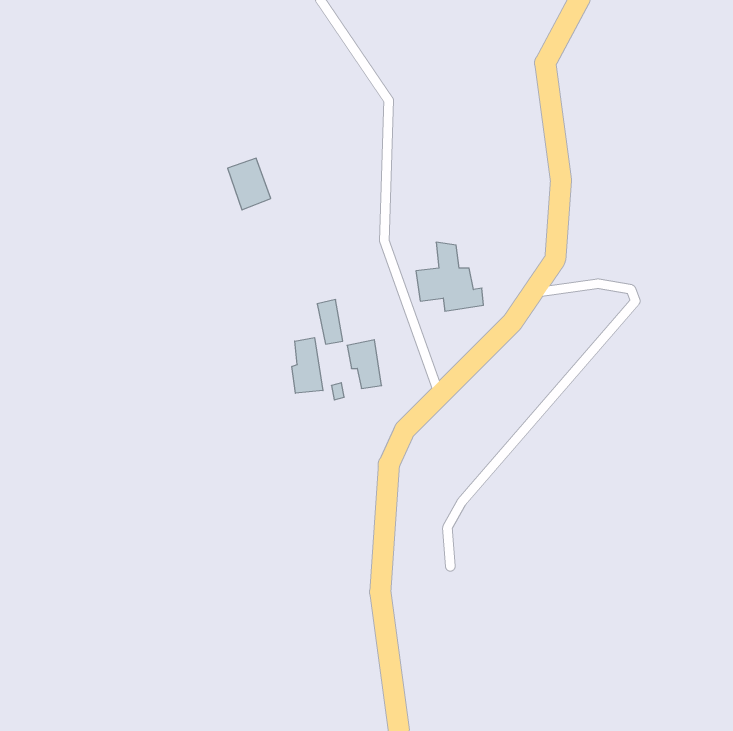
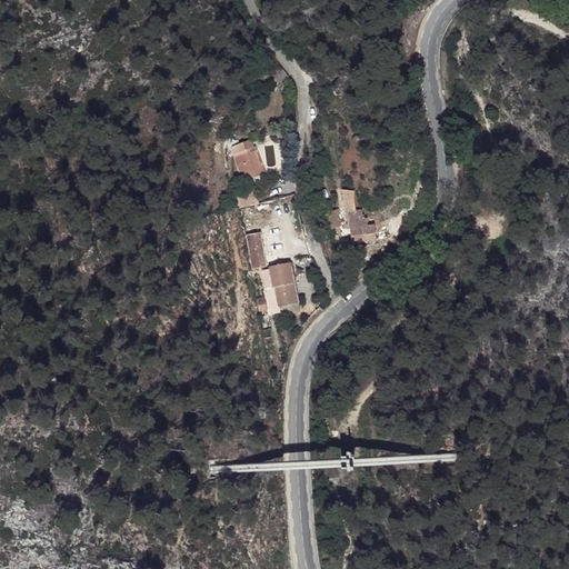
building: [228,158,271,210] -> [231,140,264,180]
building: [292,338,323,393] -> none

